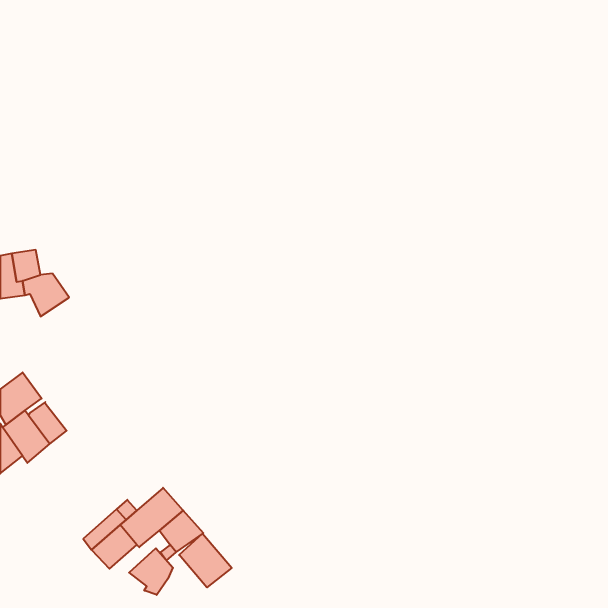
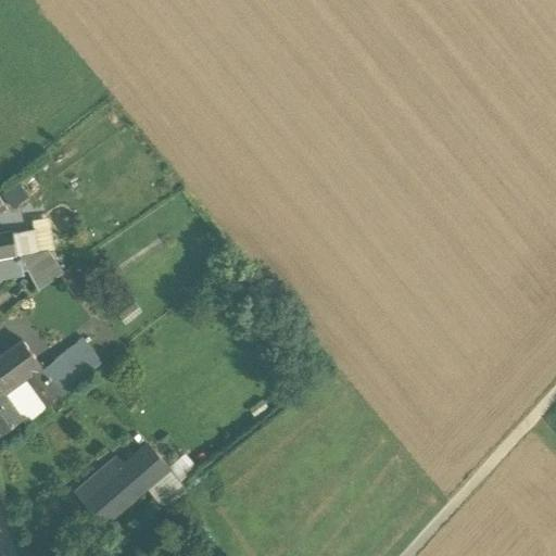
building: none -> [41,338,100,393]
building: [179,534,232,587] -> none
building: [129,548,173,595] -> none

